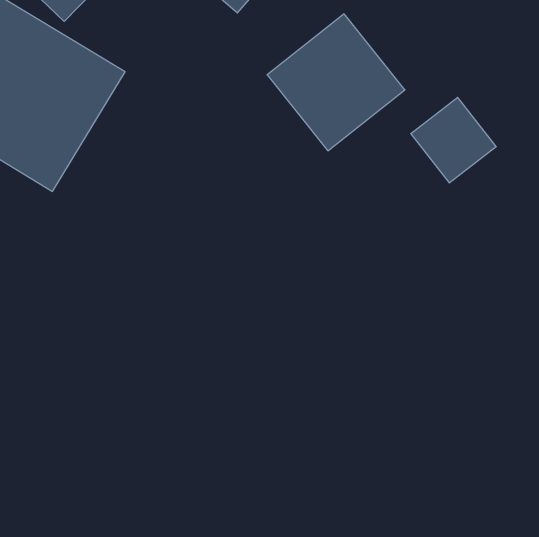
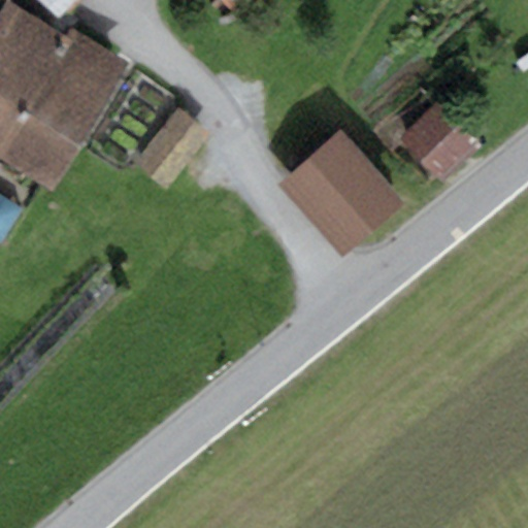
building: [267,14,405,151] -> [277,128,410,260]

